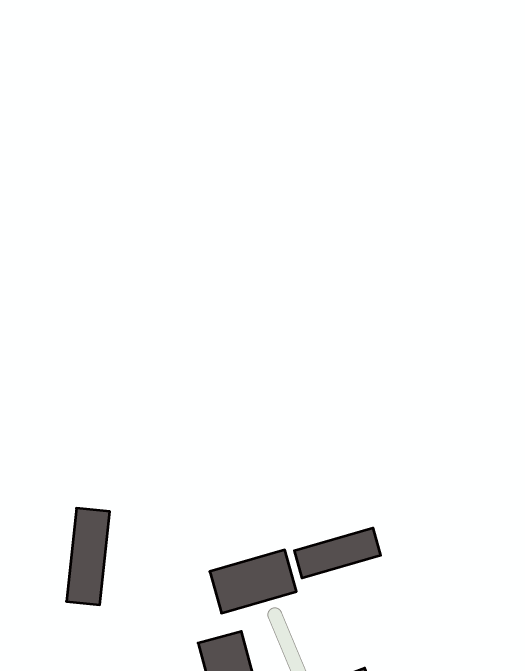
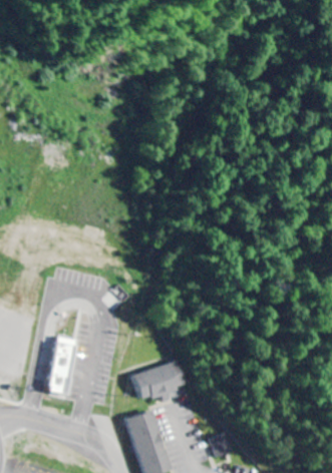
building: [294,528,381,578] -> none

